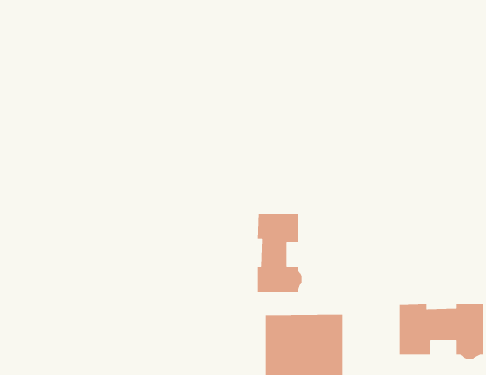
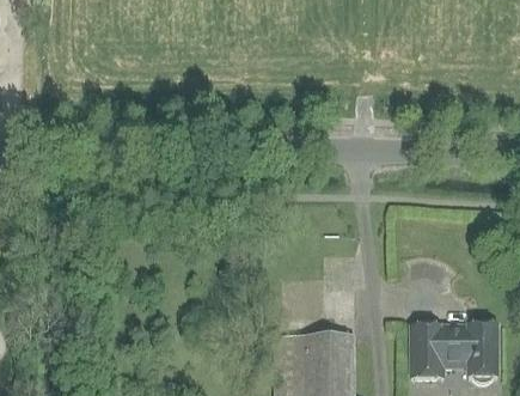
building: [257,213,302,293] -> none

